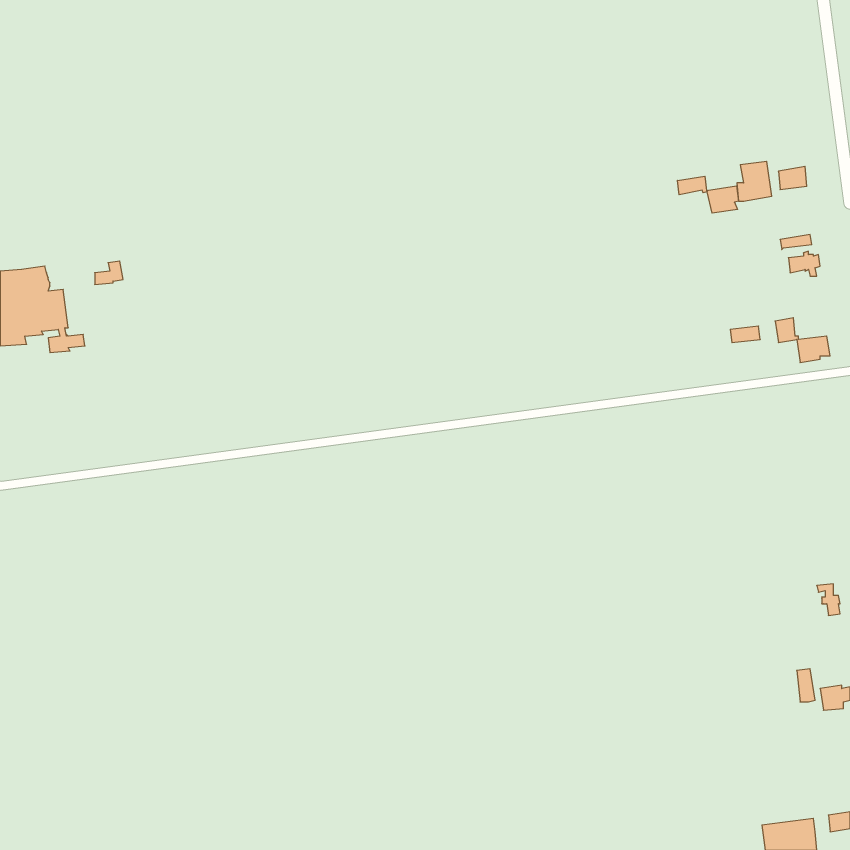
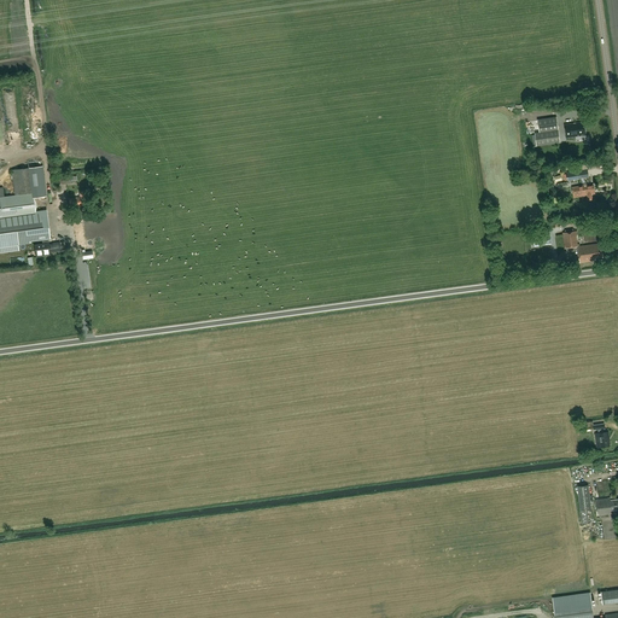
building: [677,176,739,213] -> none
building: none -> [12,167,46,198]

